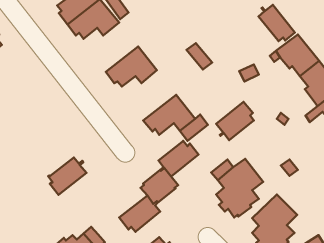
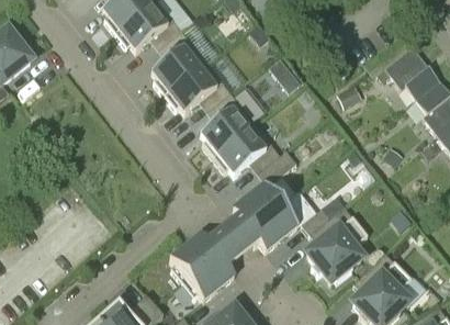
building: [258,5,295,41] -> none
building: none -> [151,31,206,94]
building: none -> [201,92,256,157]
building: [216,102,254,140] -> [249,201,297,250]
building: [48,157,87,195] -> [169,234,218,282]

